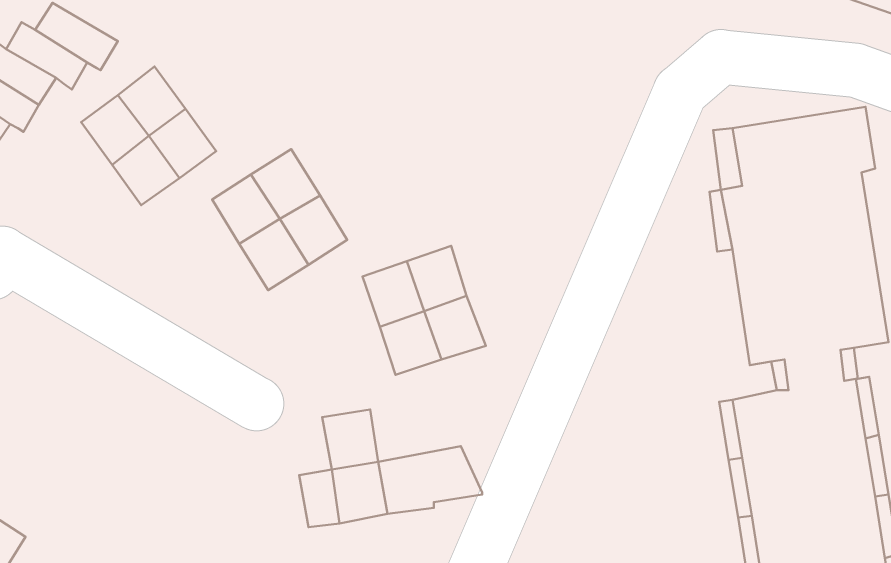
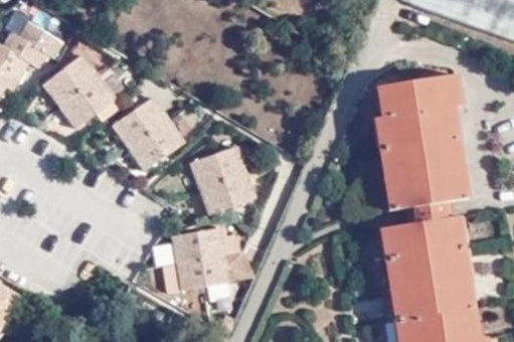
building: none -> [196,226,243,259]

